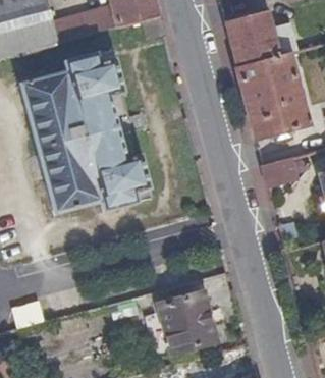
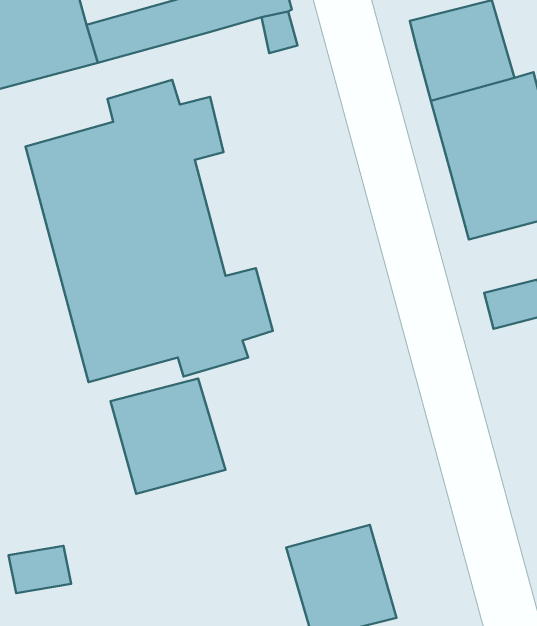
building: none -> [110,378,226,494]

